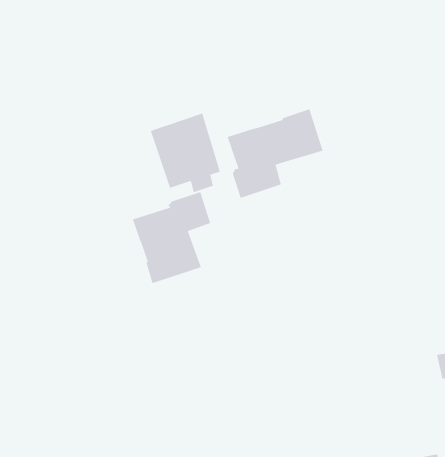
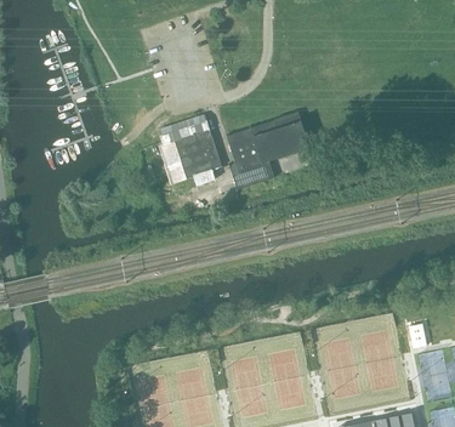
building: [131,191,211,284] -> none

